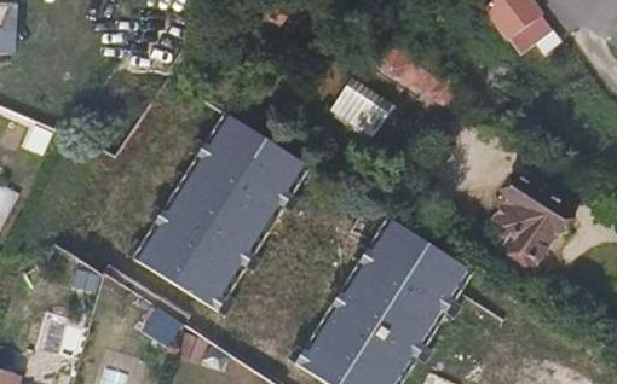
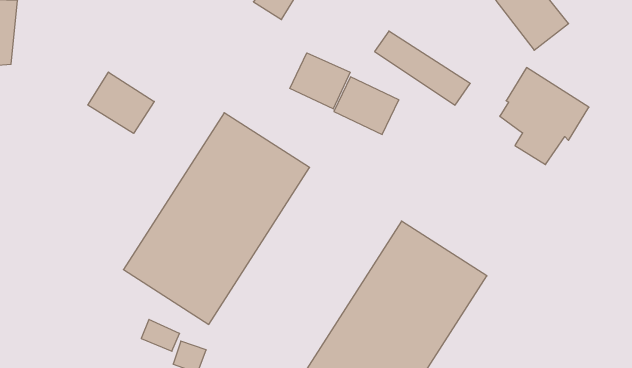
building: none -> [290,53,350,109]
building: none -> [88,72,154,133]
building: [491,173,576,264] -> [500,68,589,165]

